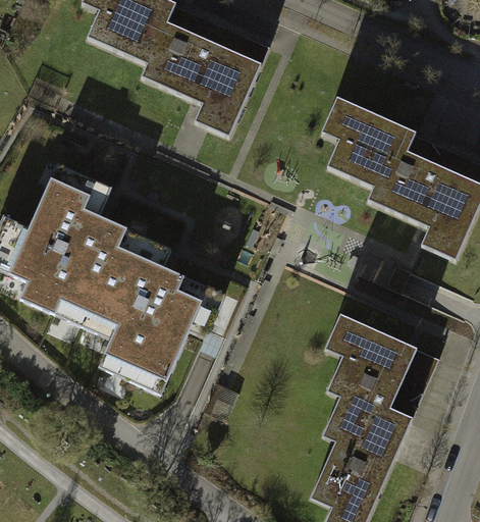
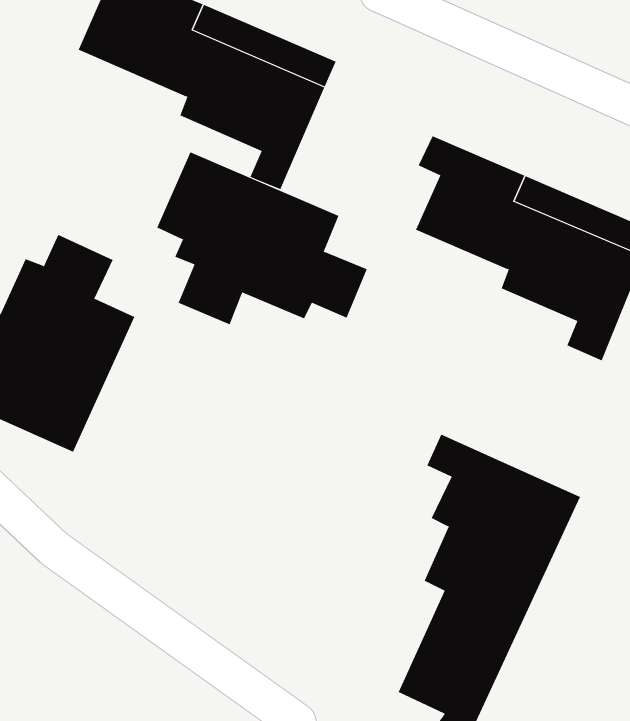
building: none -> [156,152,368,325]
building: [78,229,221,395] -> none

